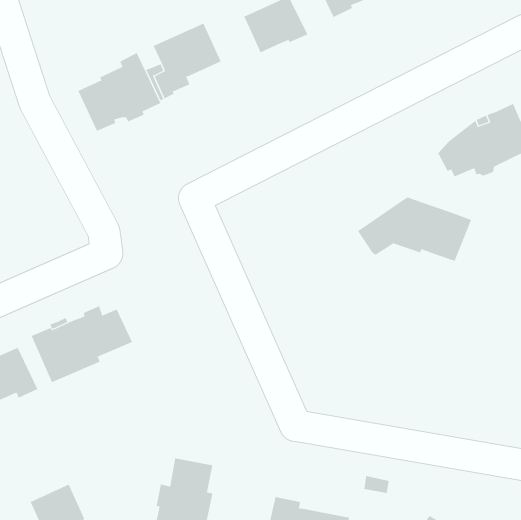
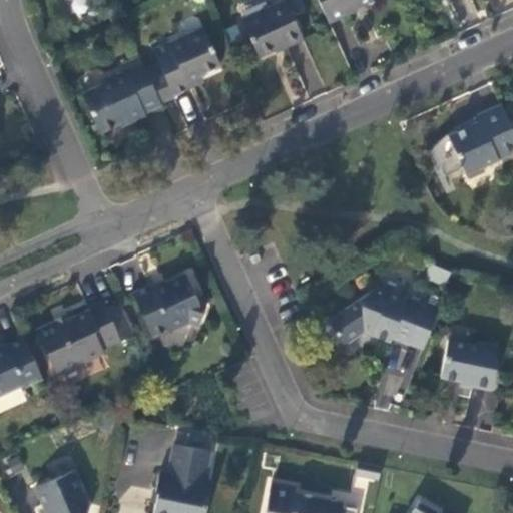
building: [357,197,472,261] -> [329,289,439,351]
building: none -> [134,276,206,337]
building: none -> [441,342,497,391]

